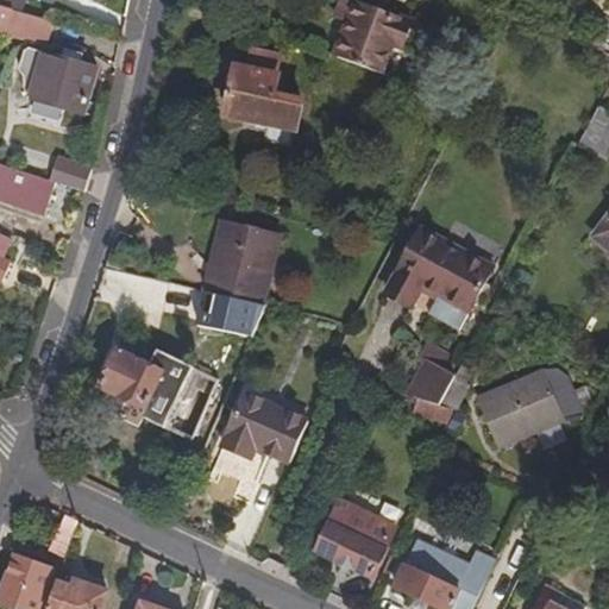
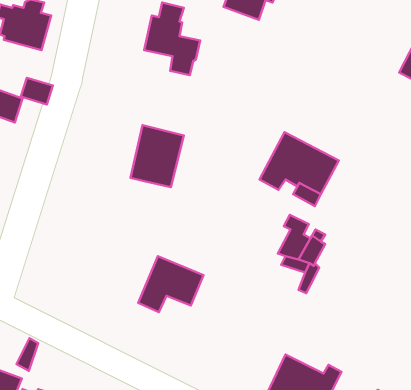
building: [214,295,265,340] -> none
building: [99,346,212,437] -> none
building: [478,369,584,444] -> none
building: [315,502,395,578] -> none

